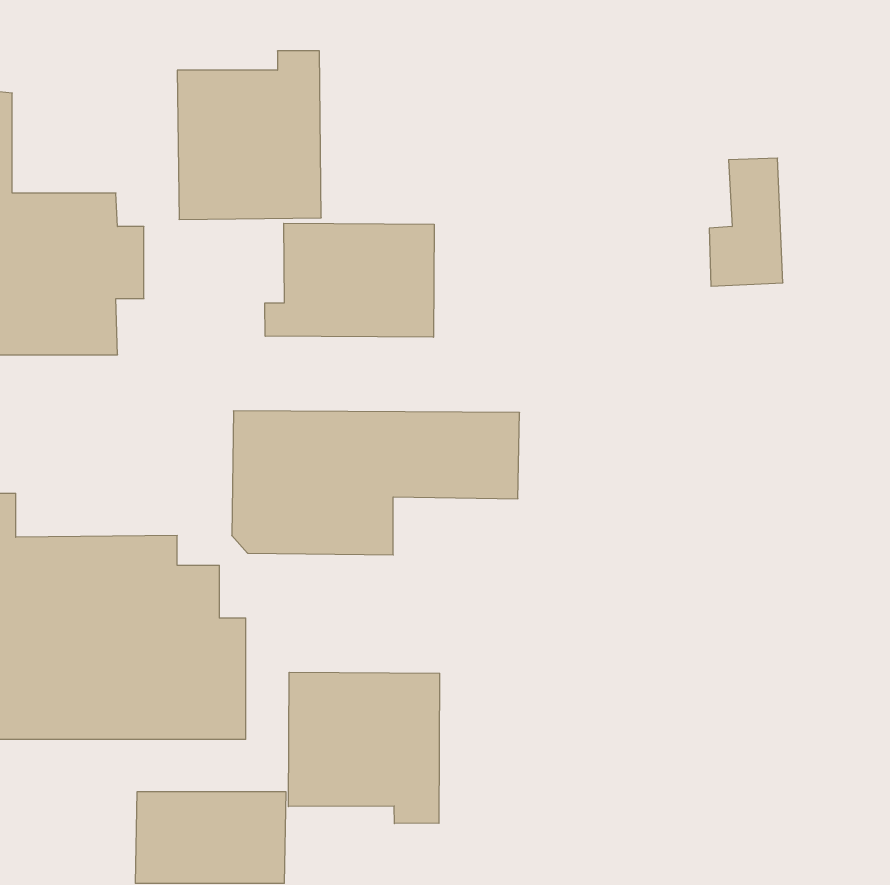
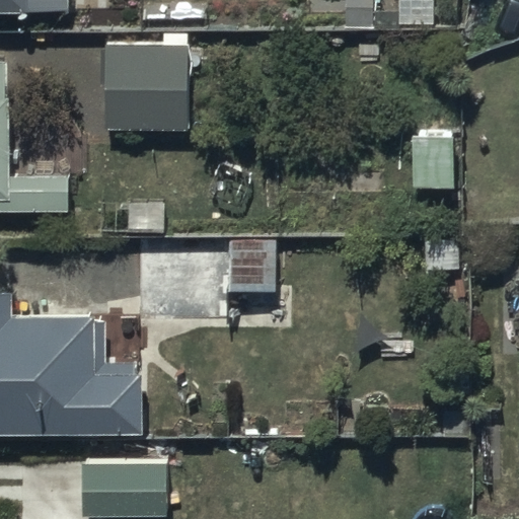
building: [265,223,434,337] -> none
building: [288,672,440,824] -> none

